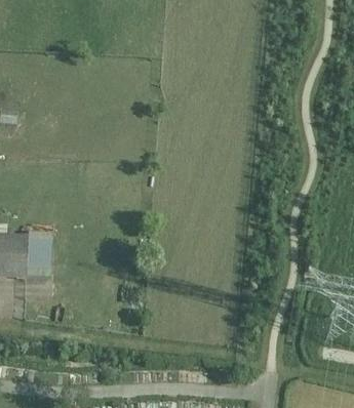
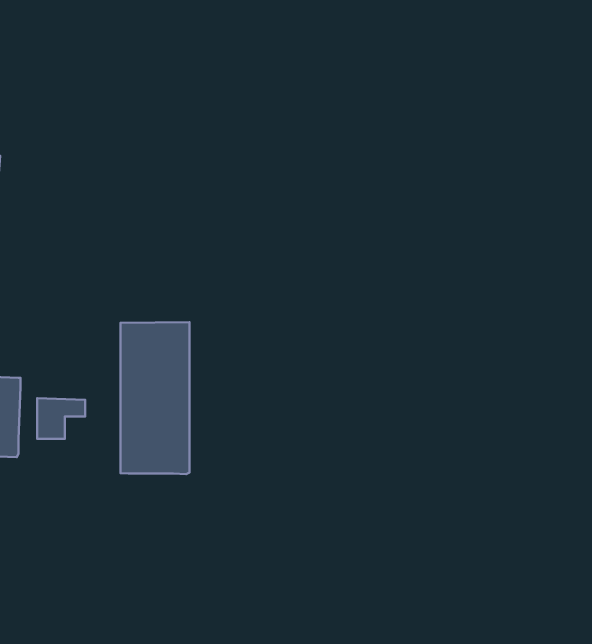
building: none -> [120,322,189,474]

